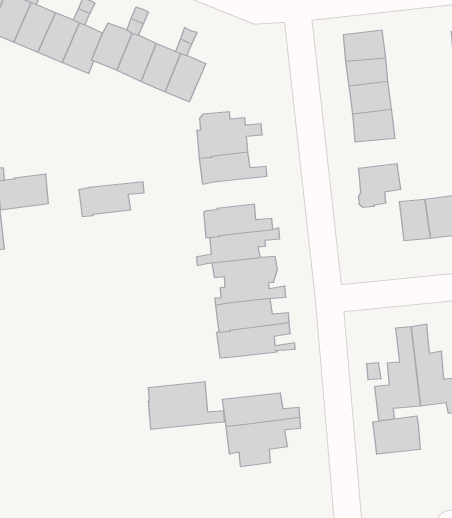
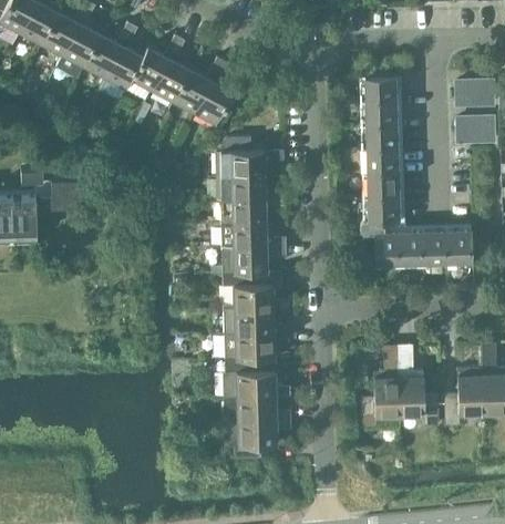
building: none -> [362,173,399,197]
building: [79,182,144,216] -> [221,197,280,224]
building: none -> [374,230,399,267]
building: [148,382,225,429] -> [223,357,290,395]
building: [373,416,420,454] -> none

